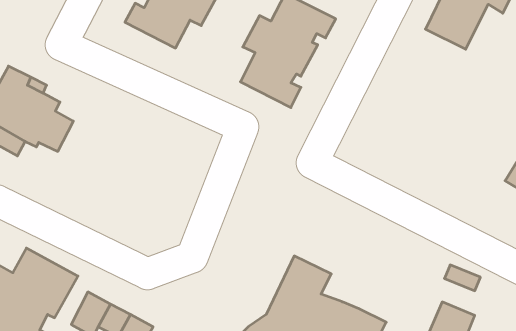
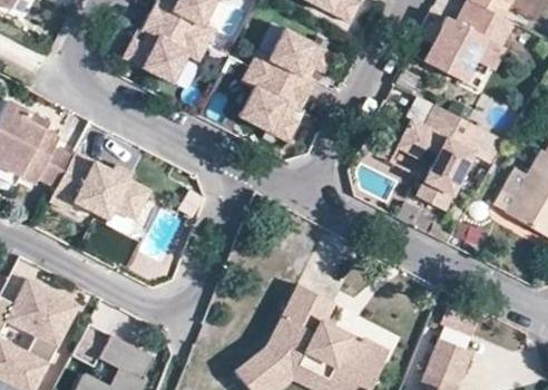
building: none -> [399,105,486,209]
building: none -> [50,152,149,220]

